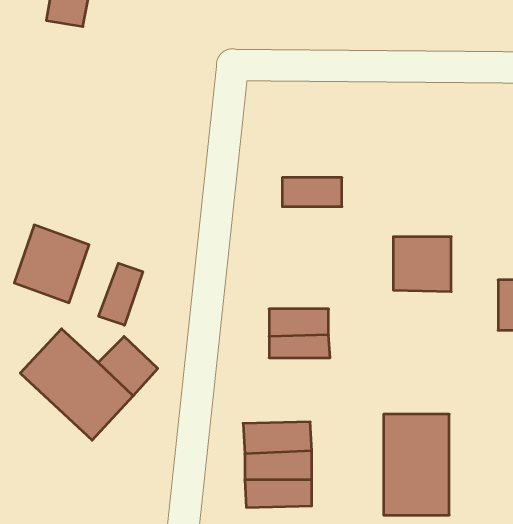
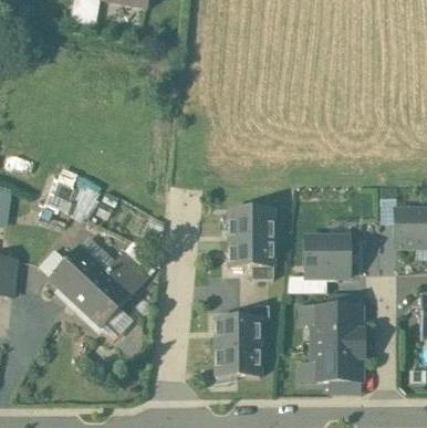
building: [282,178,342,207] -> [230,209,273,230]
building: [393,237,451,292] -> [306,237,348,276]
building: [99,263,143,325] -> none

